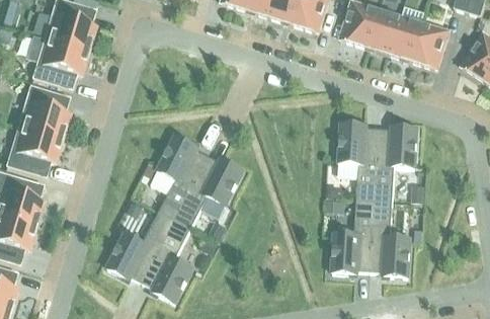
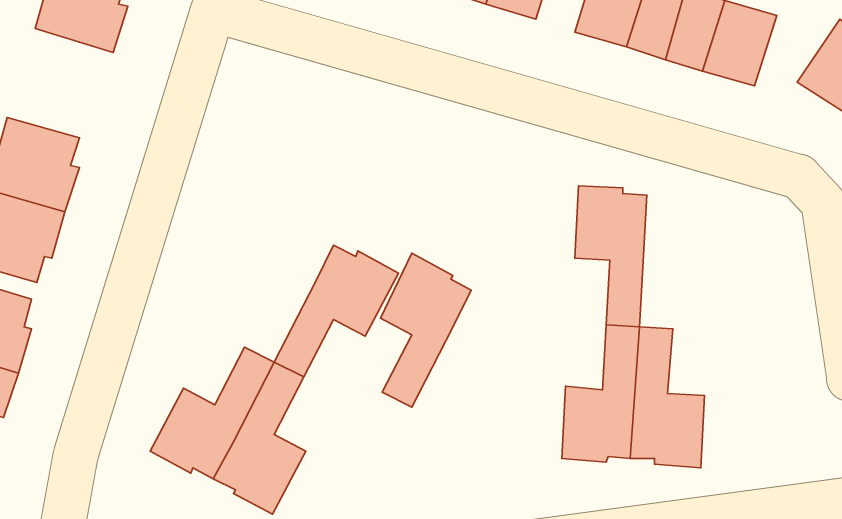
building: [32,36,87,88] -> none
building: [375,126,417,201] -> none
building: [158,135,208,219] -> [380,253,471,407]

